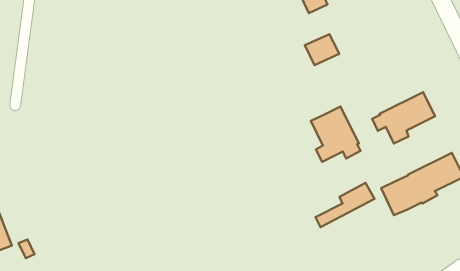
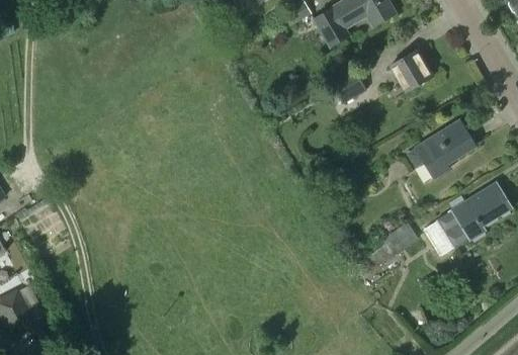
building: none -> [391,48,434,90]
building: [311,106,360,162] -> none

